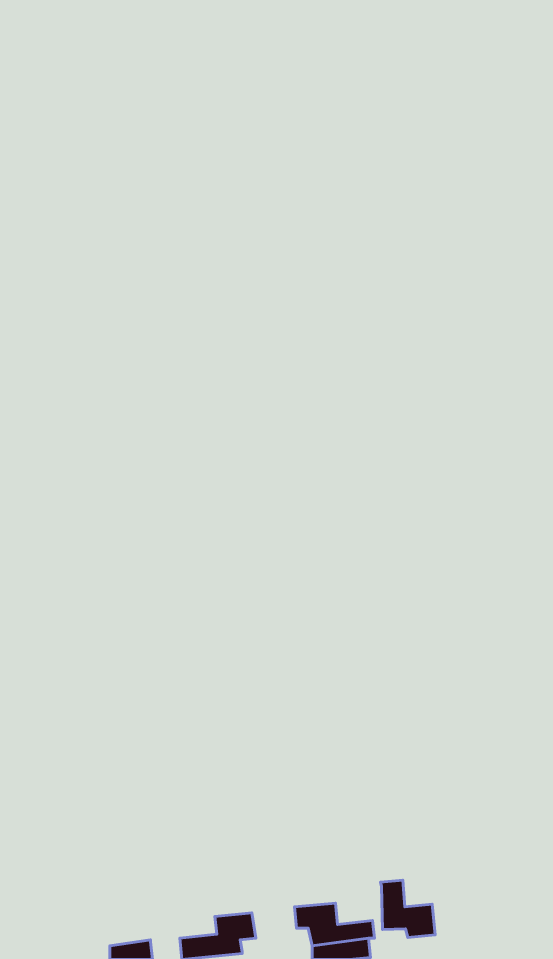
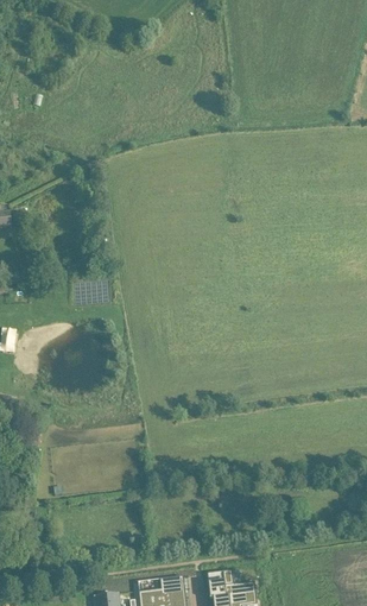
building: [381,880,435,937] -> none

